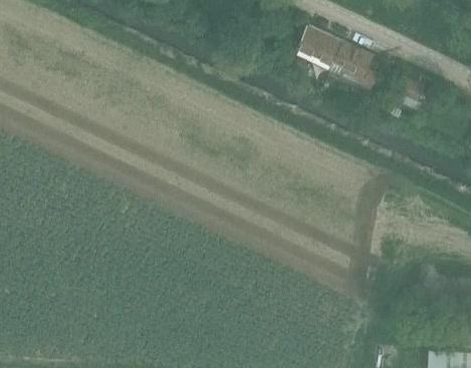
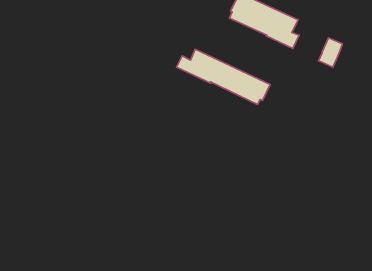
building: none -> [177,49,270,105]

